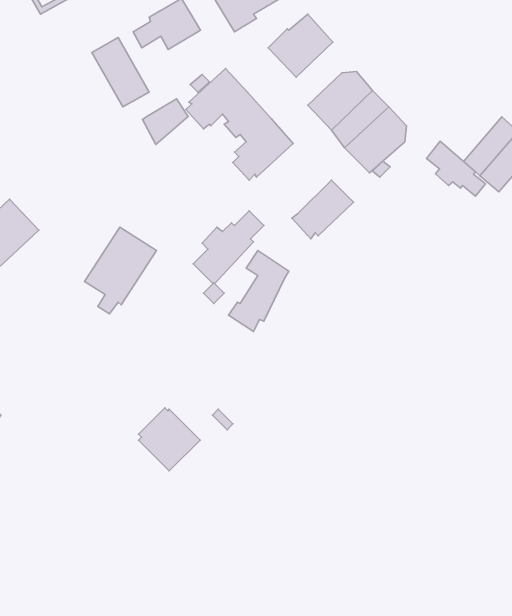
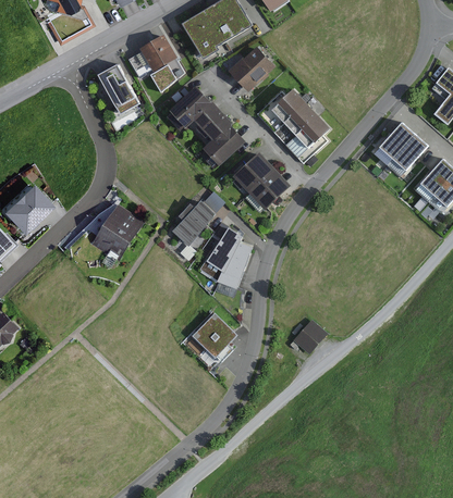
building: [143,99,188,144] -> [150,59,184,92]
building: [426,141,485,196] -> none
building: none -> [232,151,274,194]
building: none -> [215,241,253,298]
building: none -> [292,319,328,354]
building: [138,408,200,471] -> [192,311,237,358]

